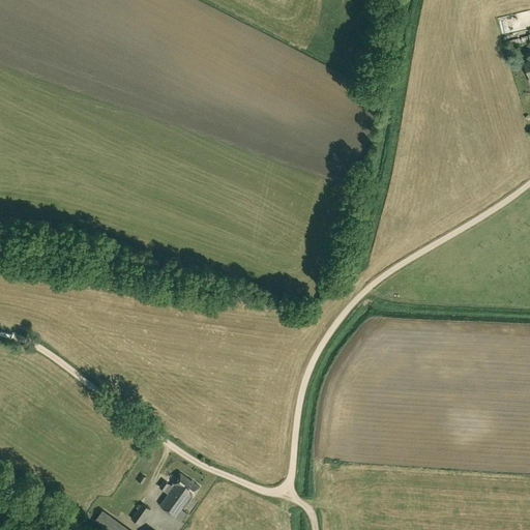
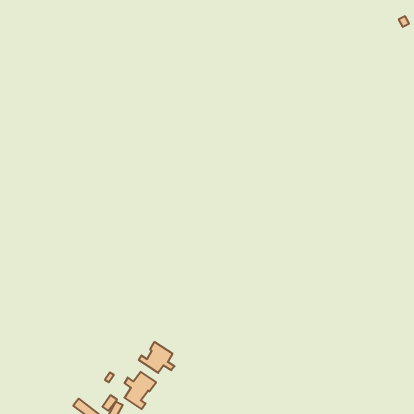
building: none -> [139,342,175,373]

